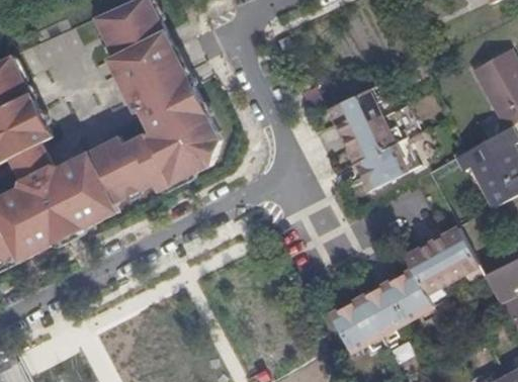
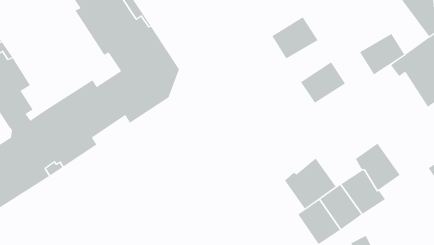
building: [341,119,392,164] -> [359,33,405,75]
building: [433,227,480,279] -> none
building: none -> [284,158,336,209]

